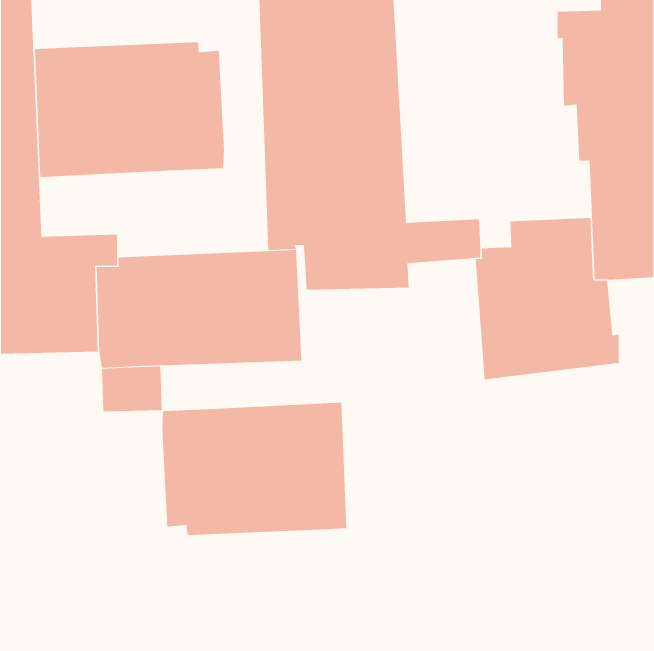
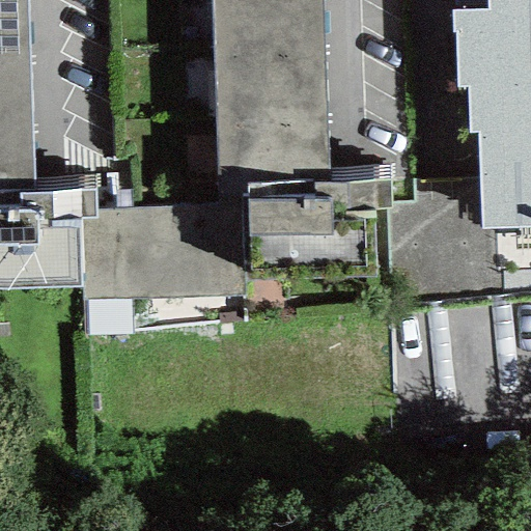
building: [34,41,224,178] -> none
building: [162,402,347,536] -> none

